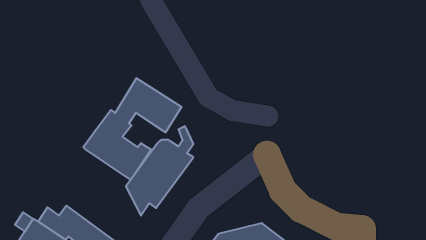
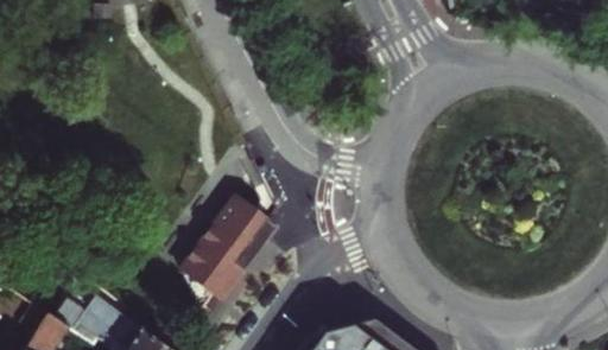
building: [83,78,181,180] -> none

